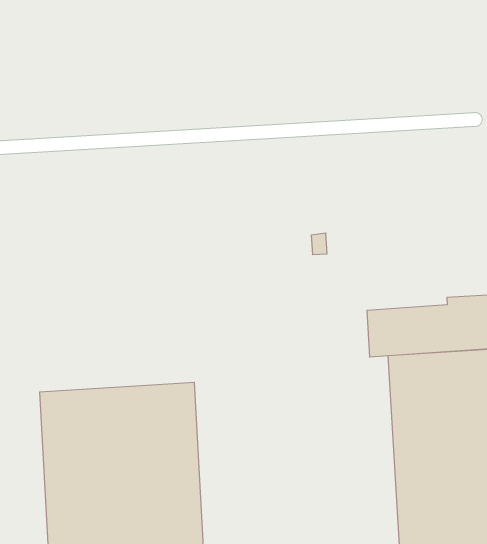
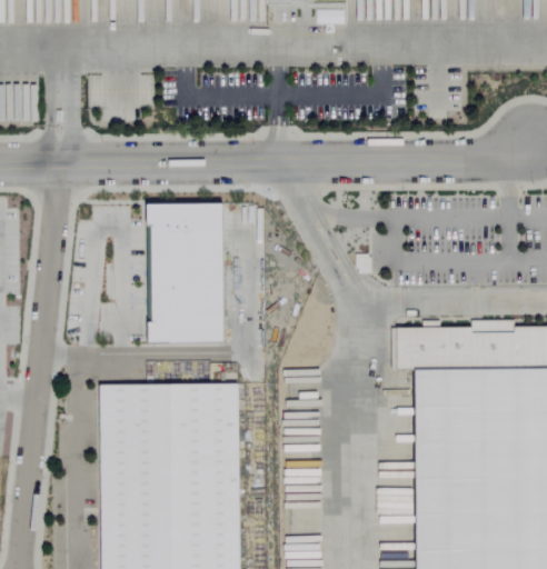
building: none -> [149,204,228,343]

